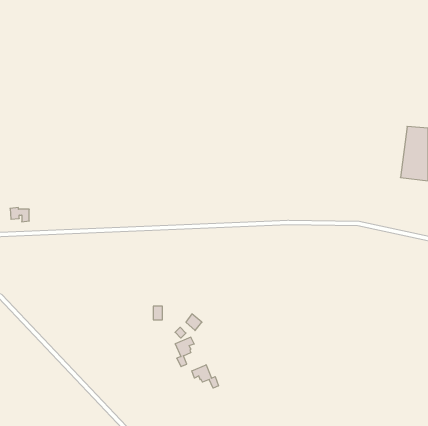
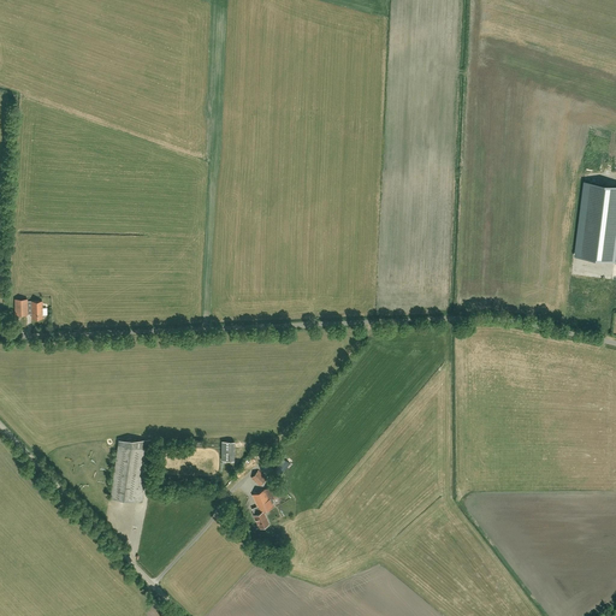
building: none -> [111,442,152,504]
building: [192,365,218,388] -> none

